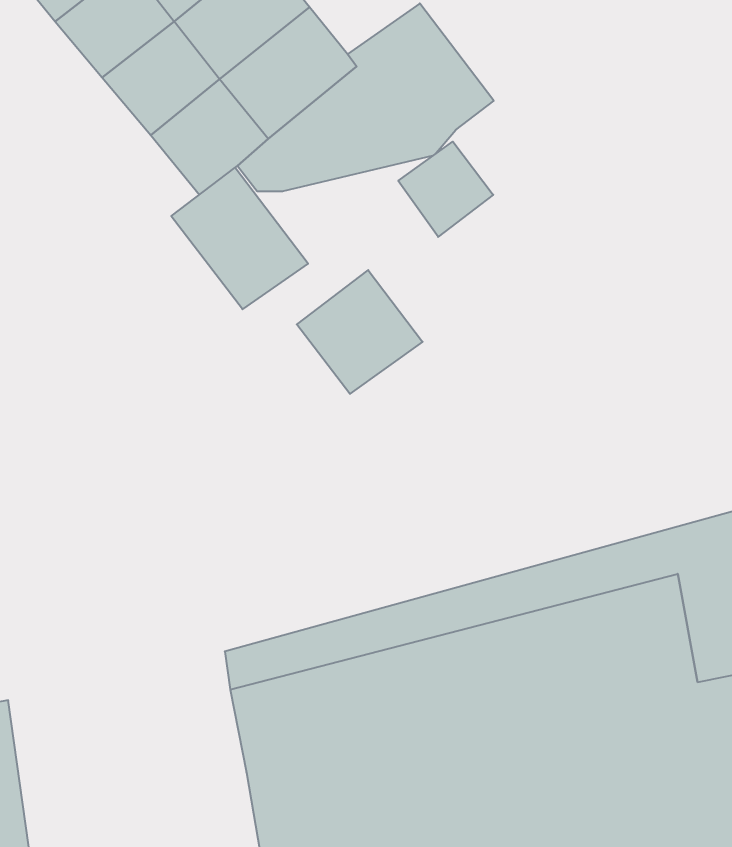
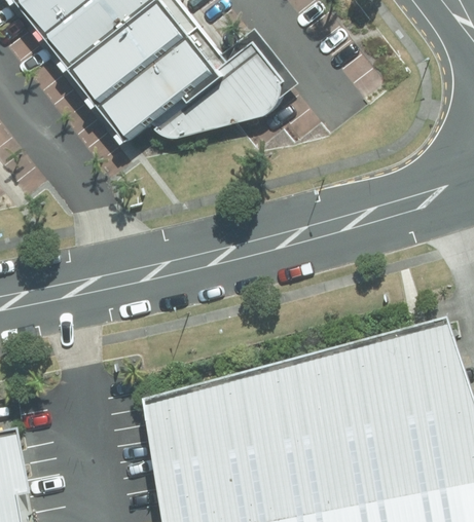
building: [398,142,493,237] -> none
building: [171,168,308,309] -> none
building: [297,270,423,394] -> none

